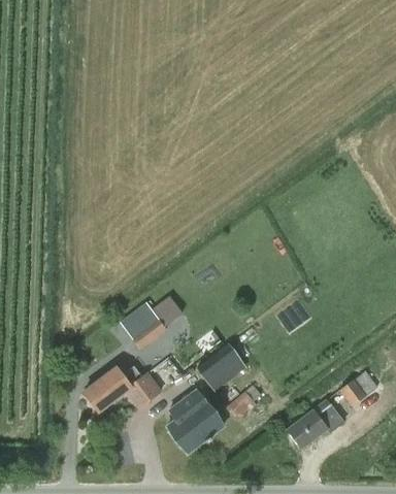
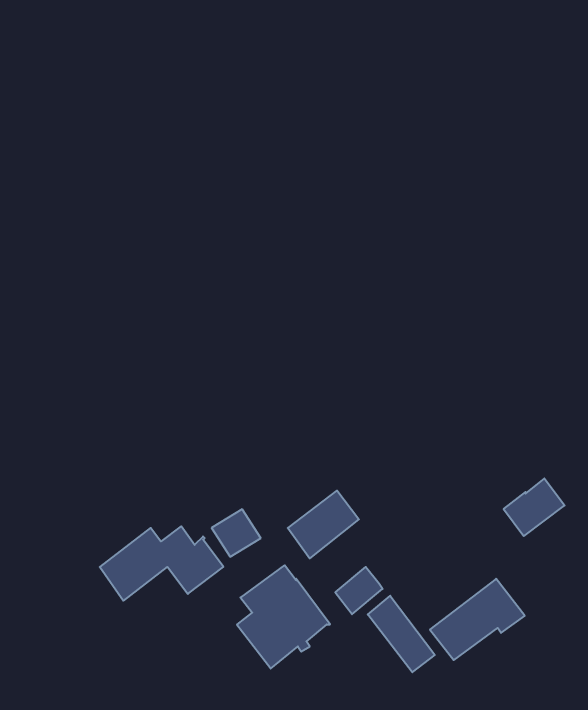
building: [120,297,183,349] -> none
building: [340,370,377,405] -> [504,478,565,536]
building: none -> [368,596,435,672]

